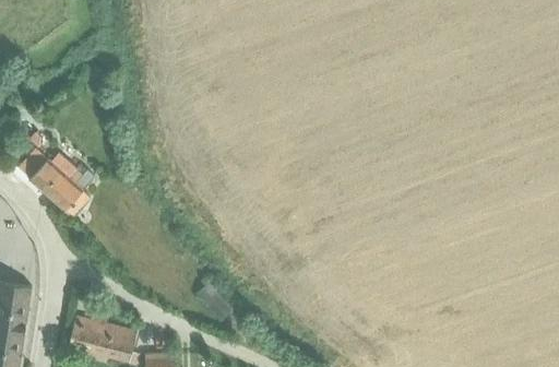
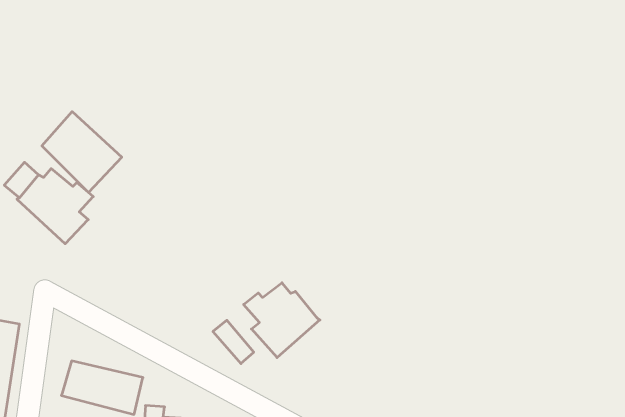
building: none -> [42,112,122,192]
building: none -> [244,283,320,358]

